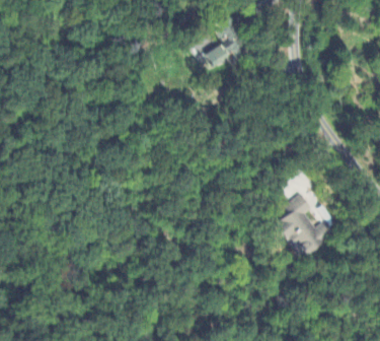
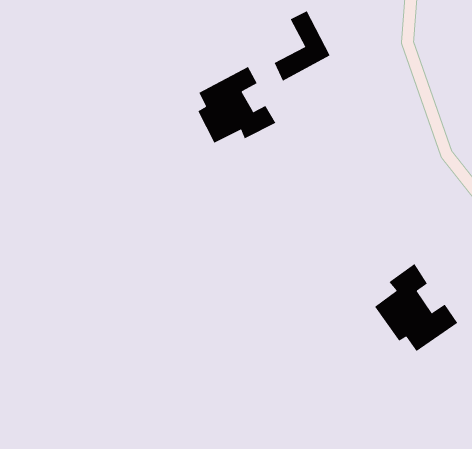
building: none -> [197,66,276,144]

